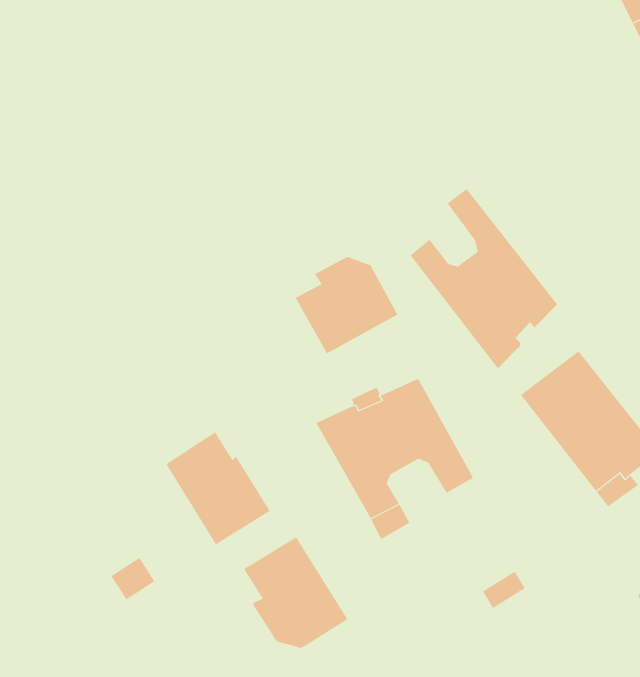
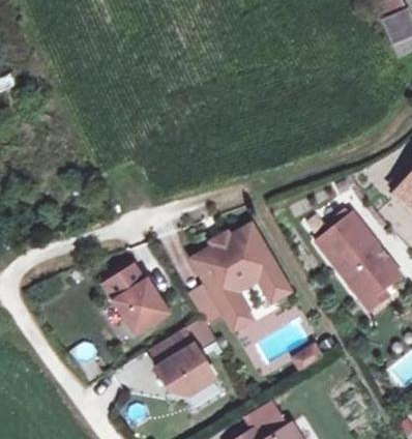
building: [410,188,558,369] -> none
building: [295,256,398,354] -> none

